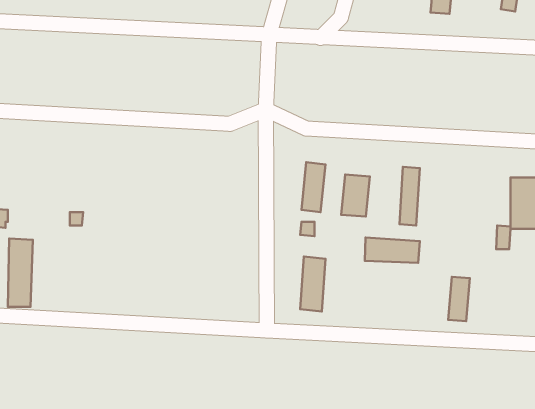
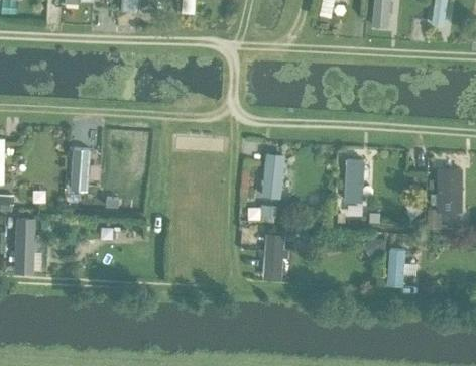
building: none -> [70,149,90,192]
building: [341,175,370,216] -> none
building: [365,238,420,263] -> none

